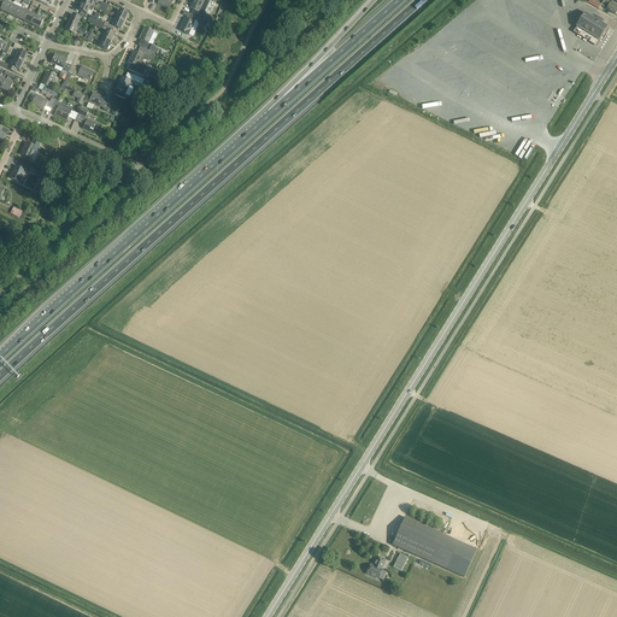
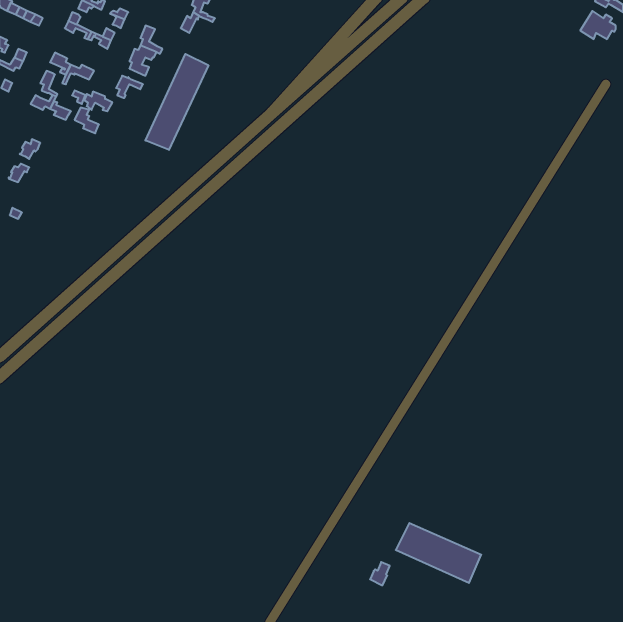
building: none -> [145,54,208,150]

